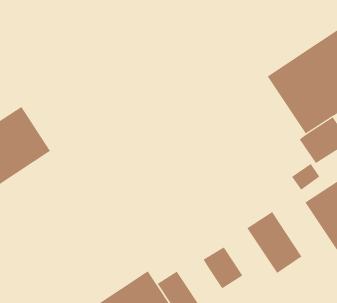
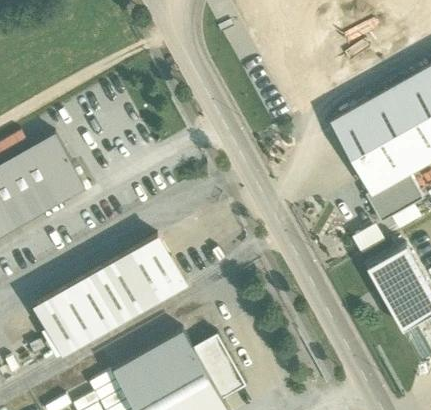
building: none -> [35,237,184,355]
building: [246,211,302,274] -> none
building: [203,247,243,289] -> none

